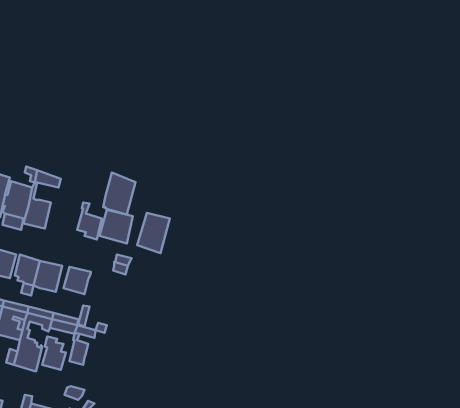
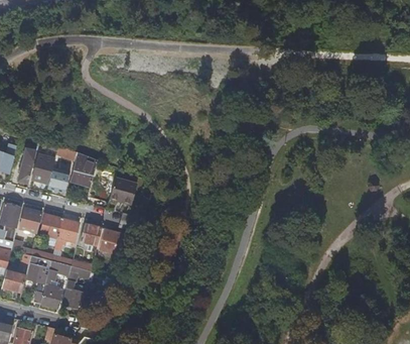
building: [103,172,135,215] -> [71,151,97,186]
building: [137,213,170,253] -> none
building: none -> [96,228,123,257]

